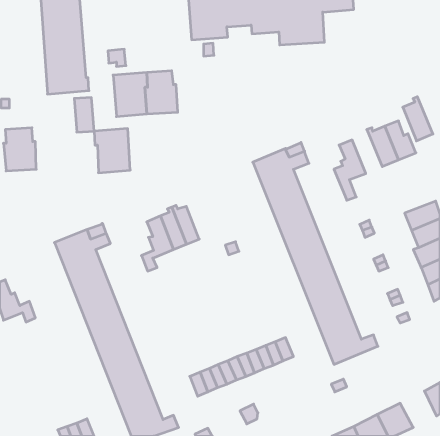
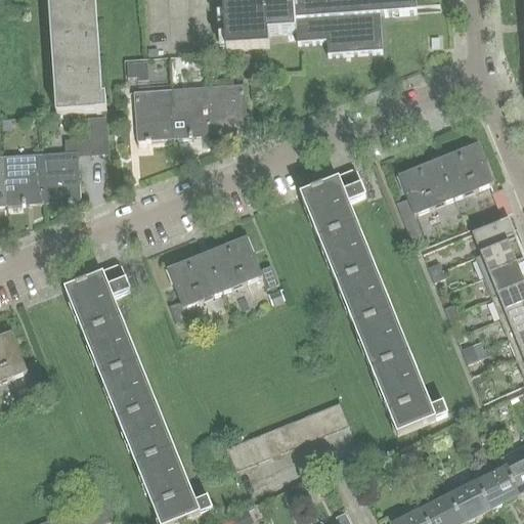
building: none -> [204,81,248,133]
building: [403,97,433,141] -> [418,154,453,206]
building: [94,129,130,173] -> [38,148,81,201]
building: none -> [471,217,517,253]
building: none -> [221,237,276,286]
building: none -> [475,464,518,507]

